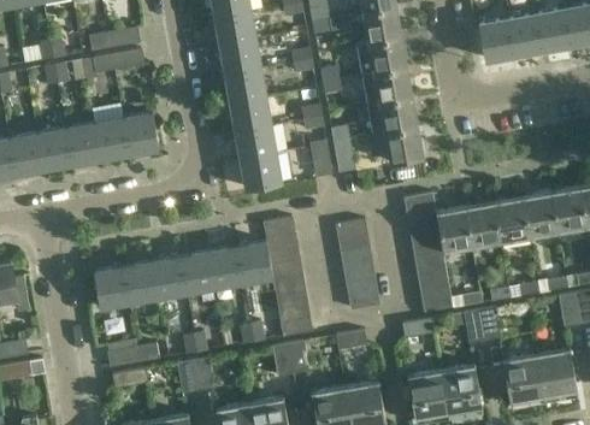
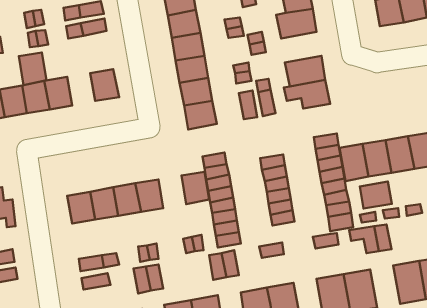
building: [362,66,413,105] -> none
building: [94,118,129,159] -> [19,52,47,85]
building: [208,247,243,288] -> none
building: none -> [360,182,392,209]

